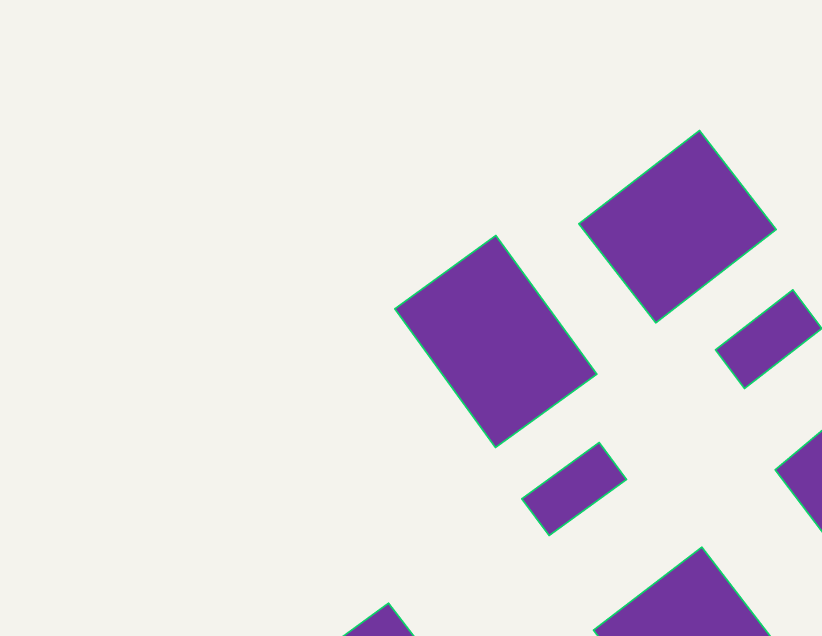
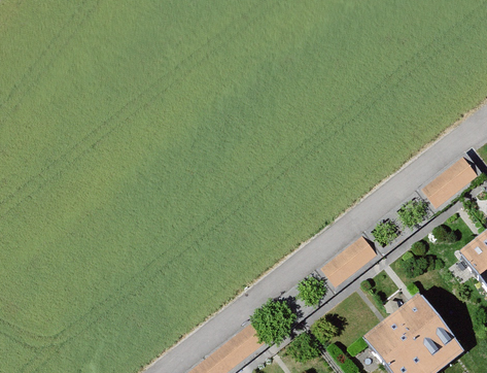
building: [579,131,776,323] -> none
building: [395,235,597,448] -> none

